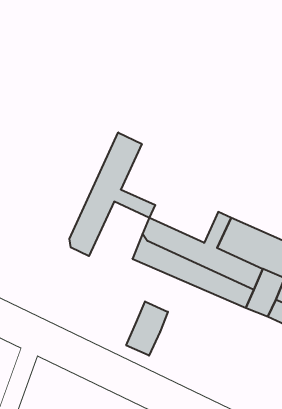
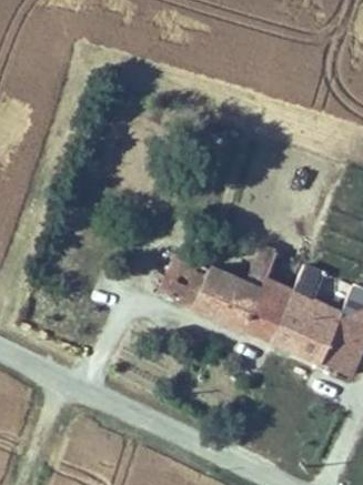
building: [69,132,155,256] -> none
building: [126,301,168,356] -> none

